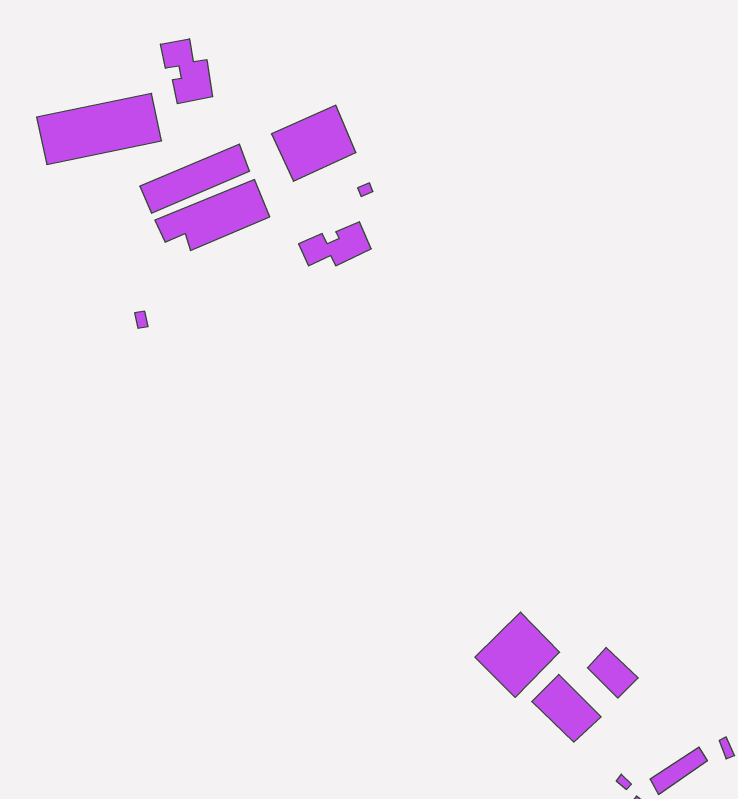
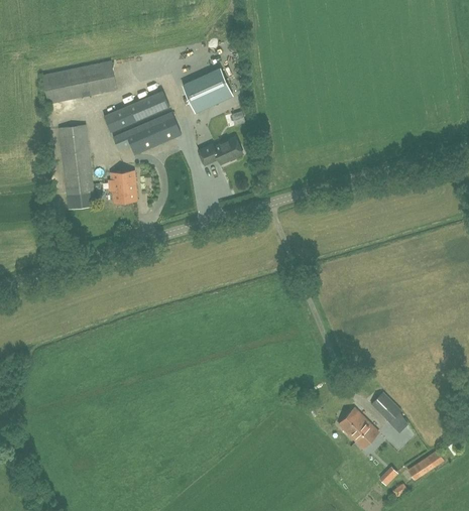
building: [161,39,213,104] -> none
building: none -> [58,124,95,209]
building: none -> [107,170,136,202]
building: [475,612,560,697] -> none

